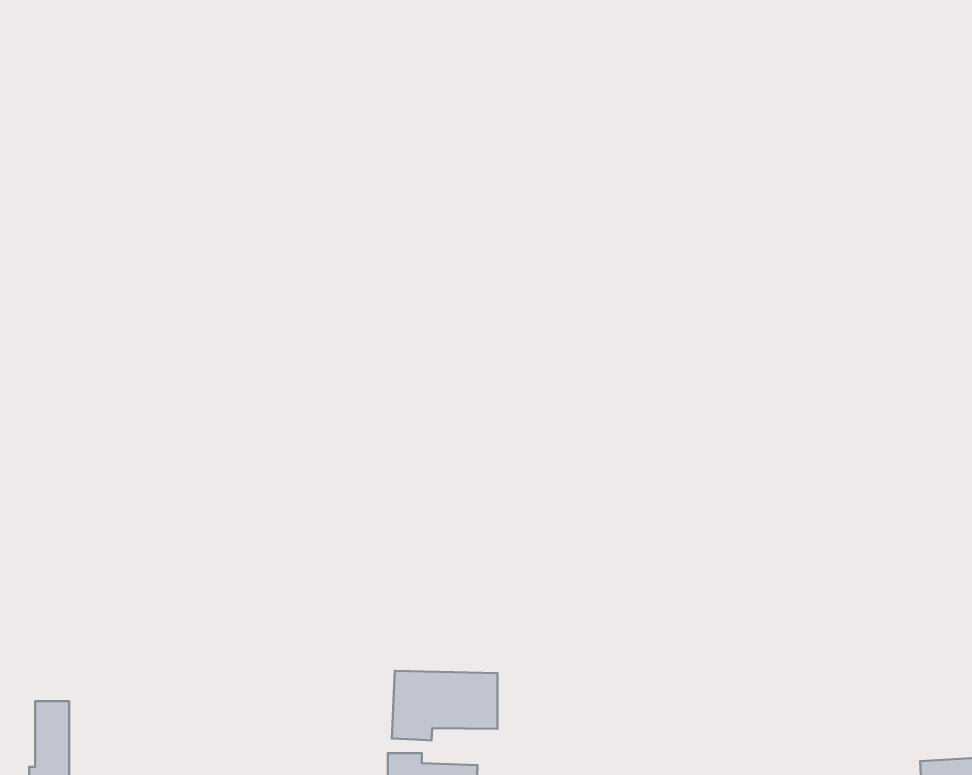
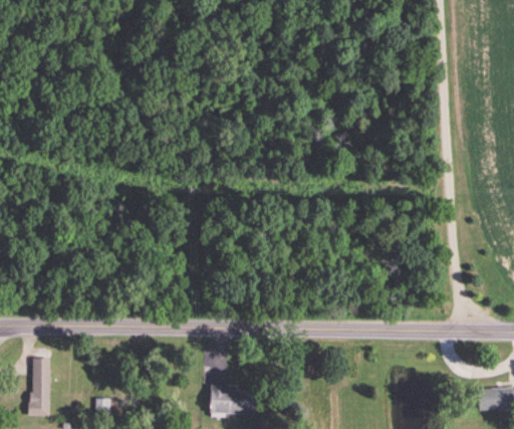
building: [392,671,498,740] -> none

